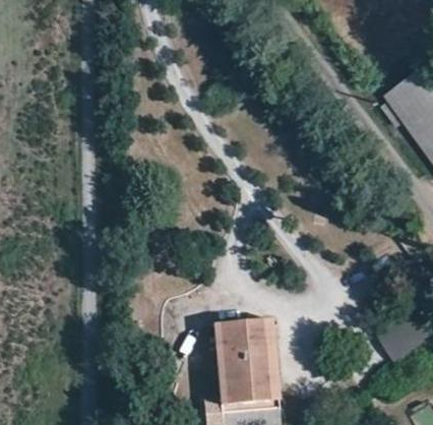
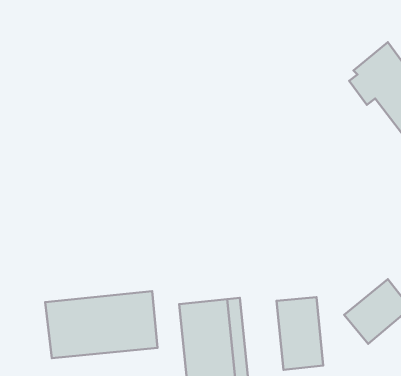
building: none -> [45,291,157,358]
building: none -> [276,297,323,370]

